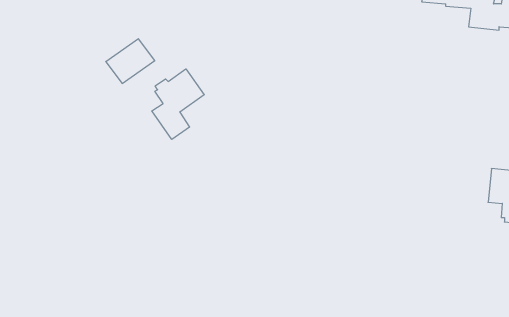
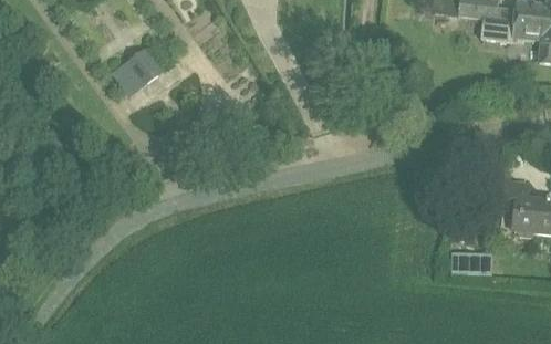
building: [152,69,204,139] -> none

